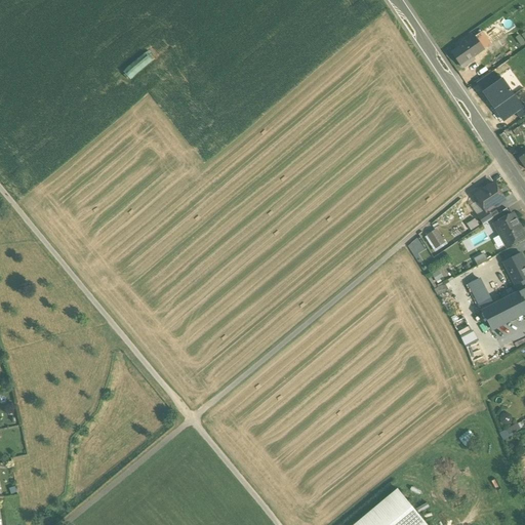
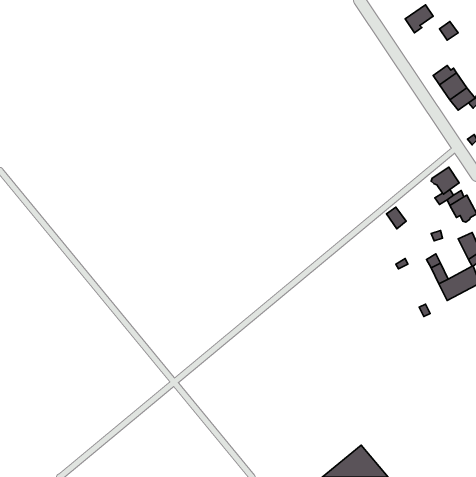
building: [453,38,484,69] -> [405,5,433,33]

